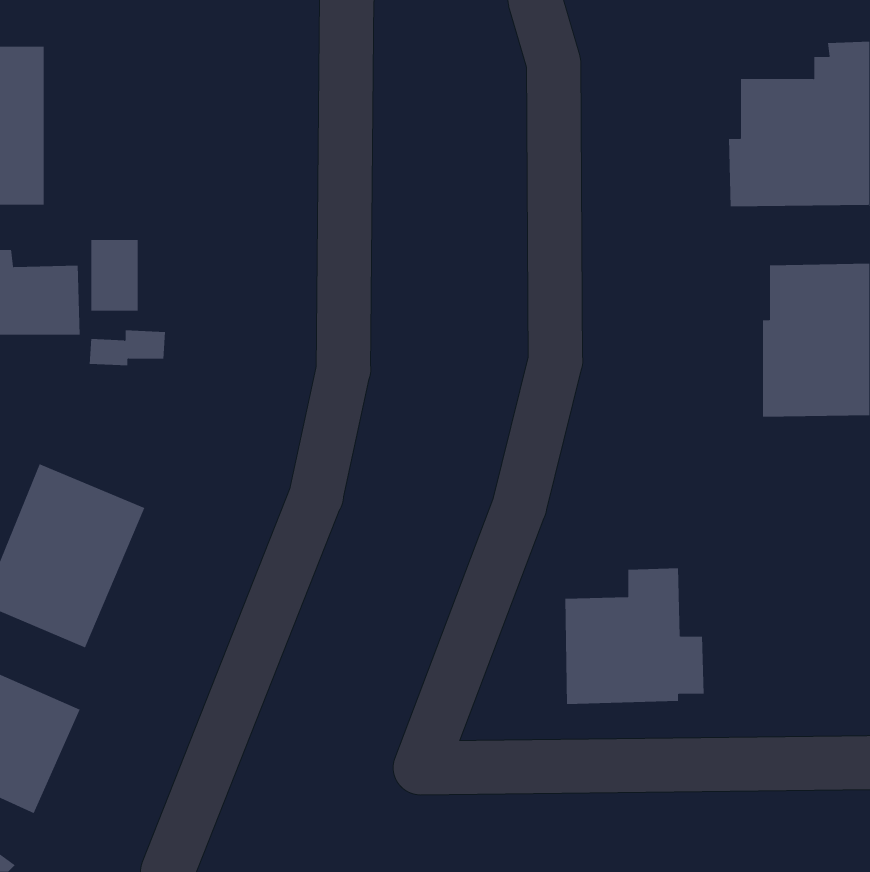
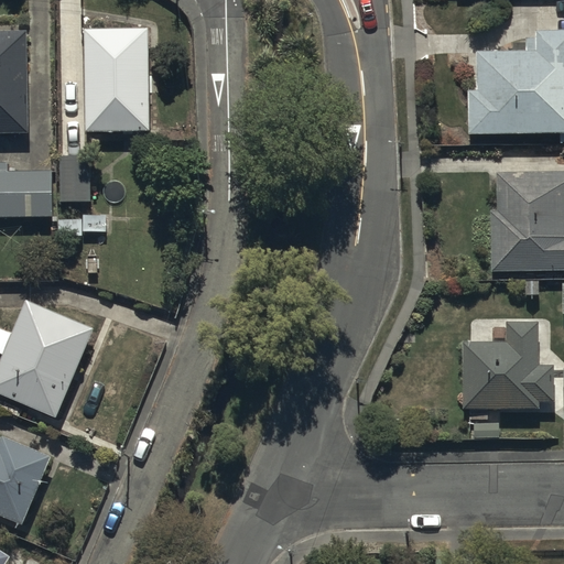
building: none -> [84,28,149,131]
building: [564,568,705,704] -> [463,321,553,409]

